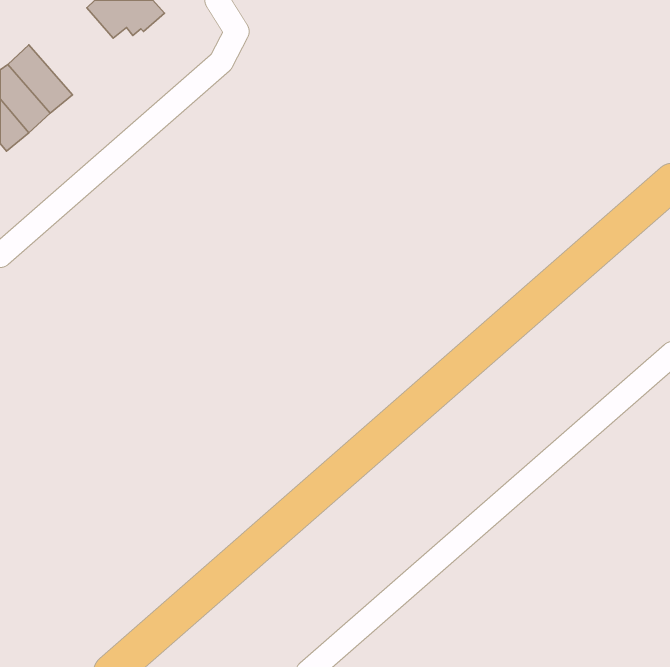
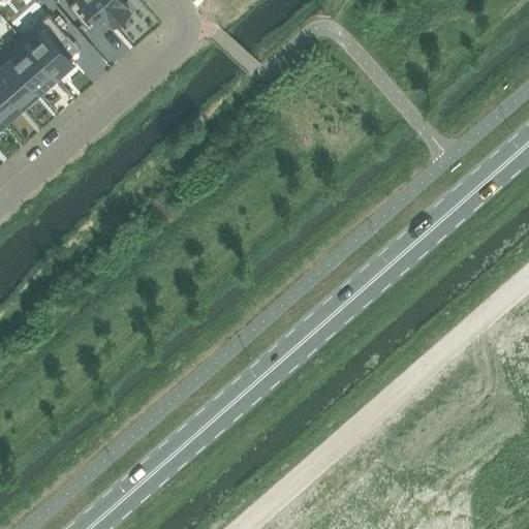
building: none -> [25,18,74,79]

